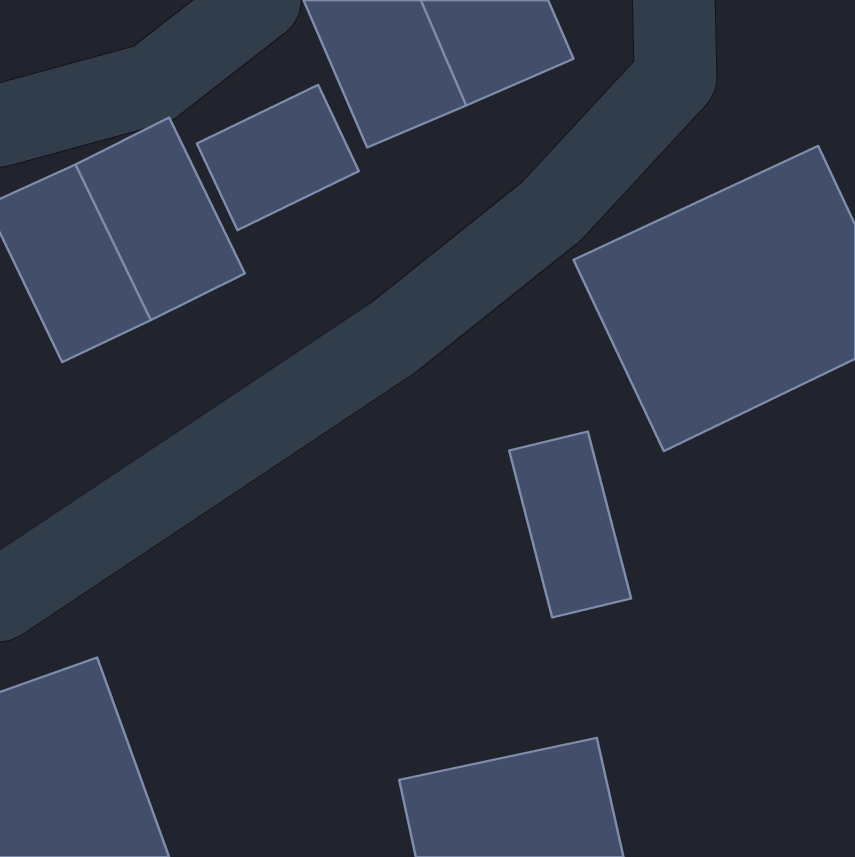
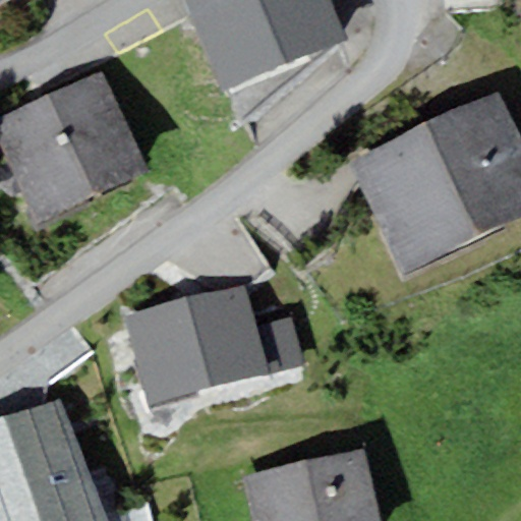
building: [197,85,359,230] -> none
building: [509,432,631,618] -> none
building: none -> [124,285,304,404]

